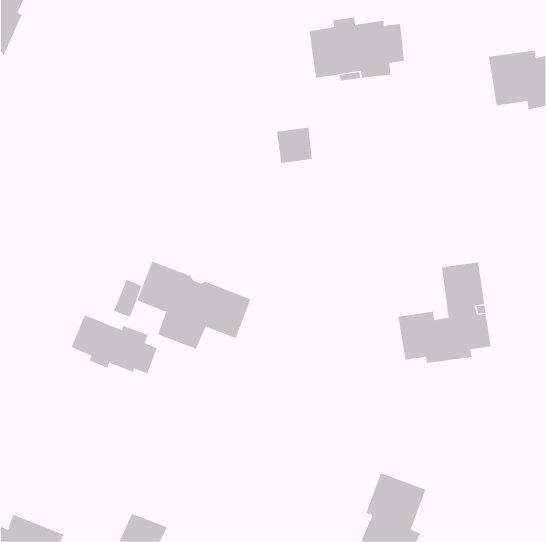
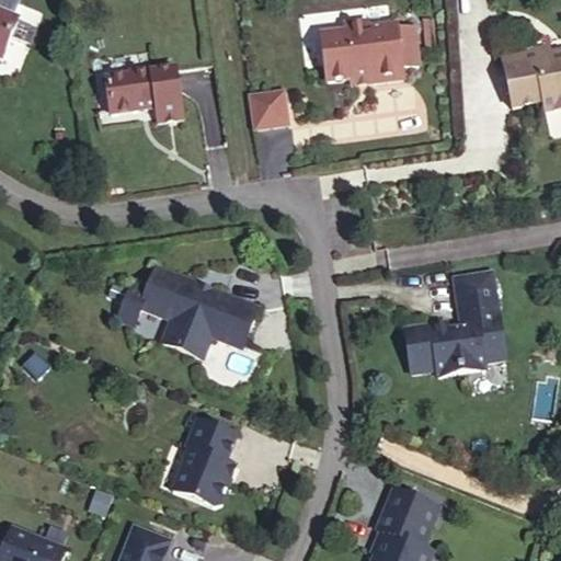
building: none -> [106,69,185,124]
building: [276,127,312,163] -> [248,93,285,130]
building: [71,314,158,374] -> none
building: none -> [172,416,237,506]

